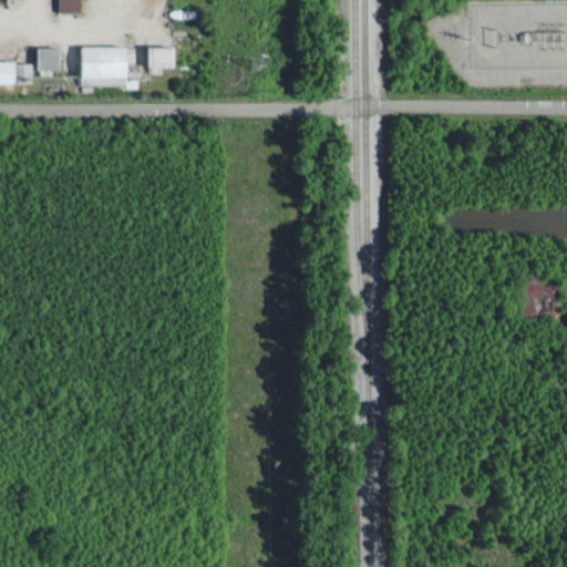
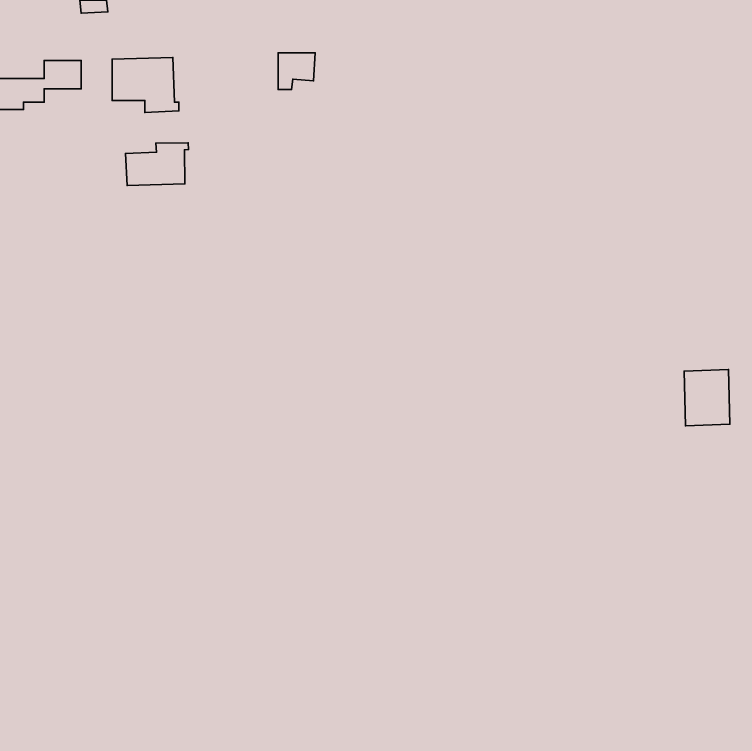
building: [150,48,177,75] -> [278,53,315,90]
building: none -> [126,143,189,185]

